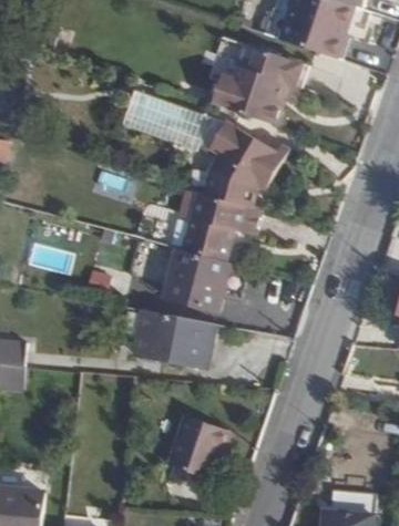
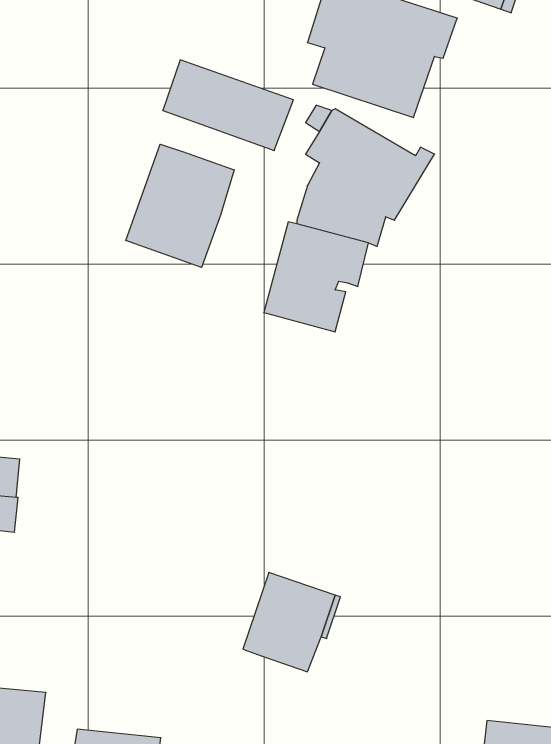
building: none -> [126,144,234,267]
building: [164,249,232,312] -> none
building: [134,311,214,364] -> none

